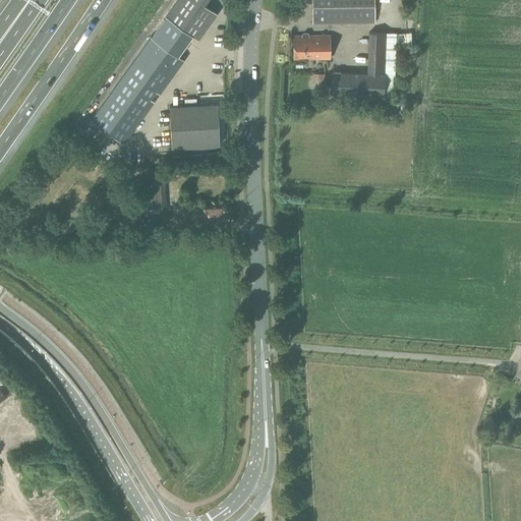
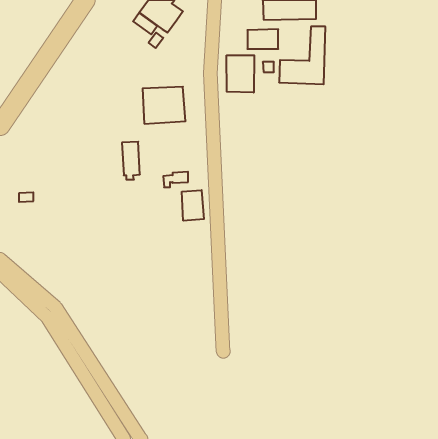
building: [93,28,184,142] -> none
building: none -> [227,55,254,93]
building: none -> [182,190,204,221]

